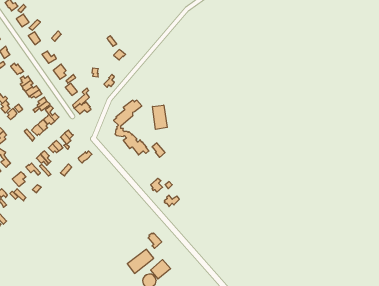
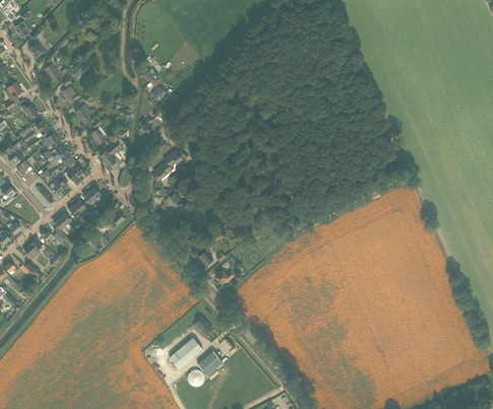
building: [153,105,167,129] -> none

